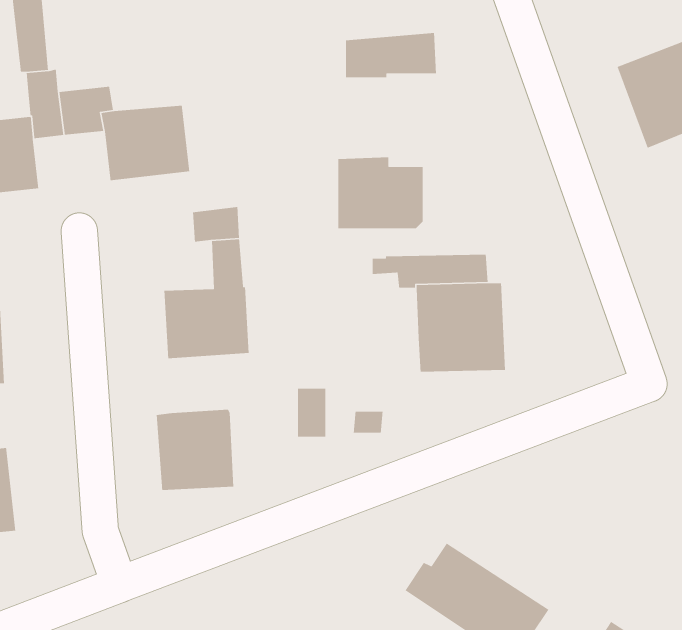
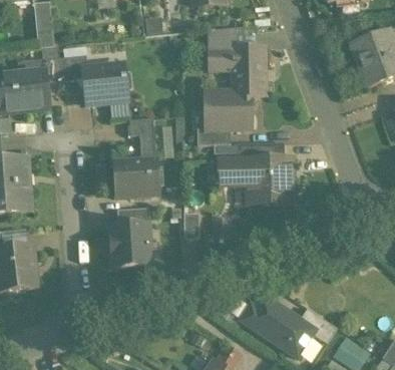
building: none -> [209,48,264,96]
building: none -> [196,128,230,145]
building: none -> [219,160,247,188]
building: none -> [116,208,149,226]

